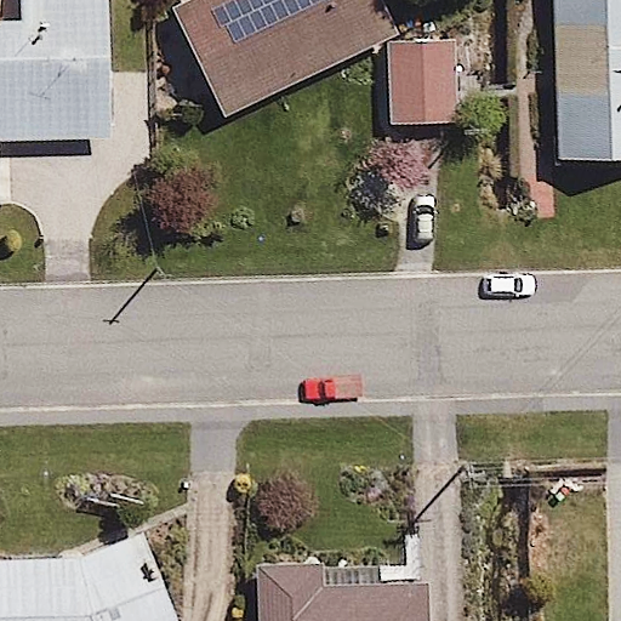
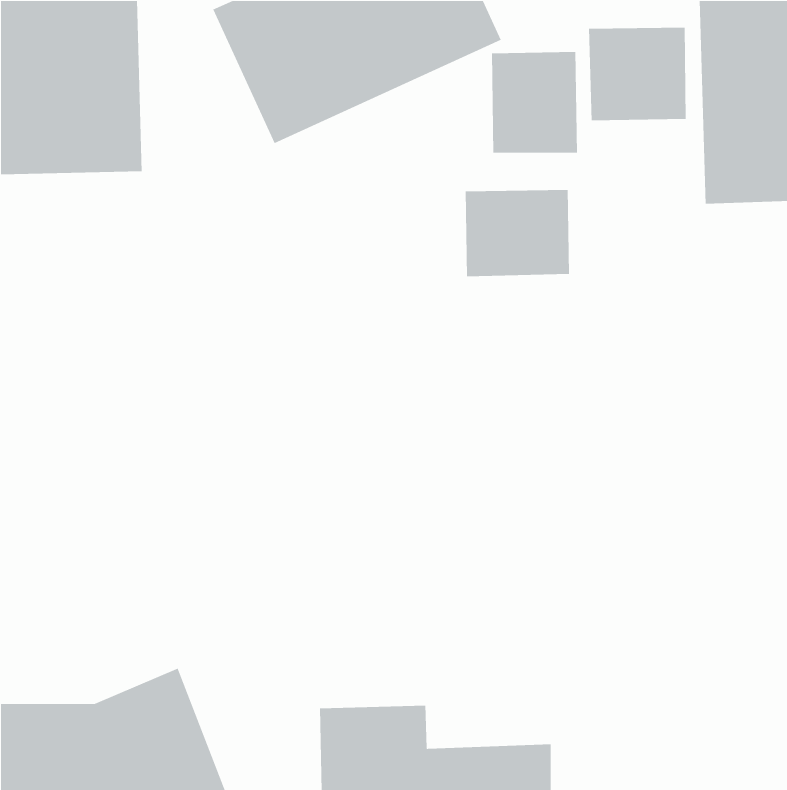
building: none -> [588,27,687,121]
building: none -> [465,189,570,277]

